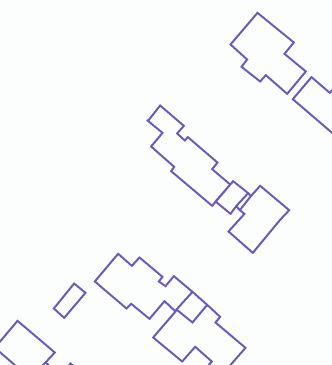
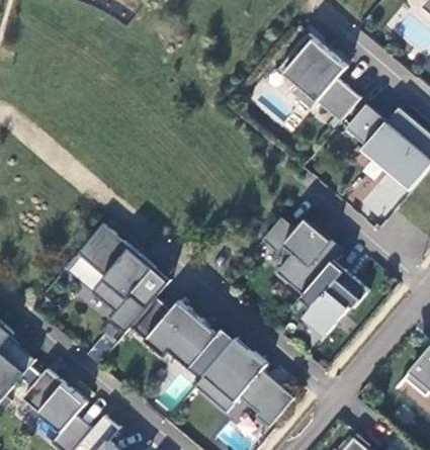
building: [148,105,230,206] -> none
building: none -> [78,222,152,333]
building: none -> [299,259,368,334]

